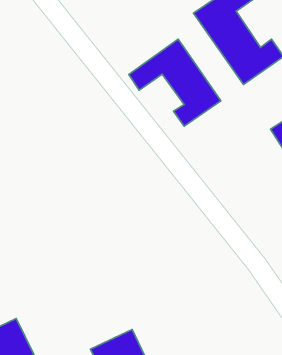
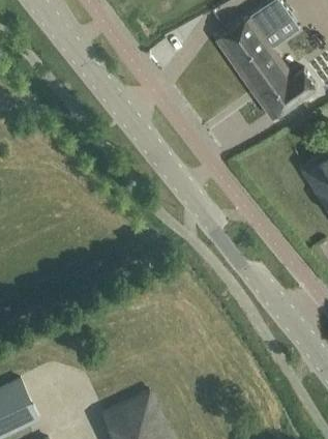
building: [129,39,221,126] -> none

